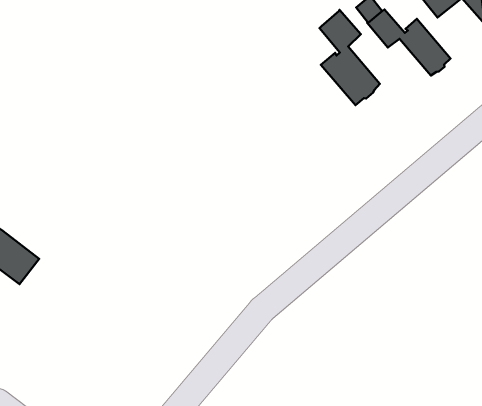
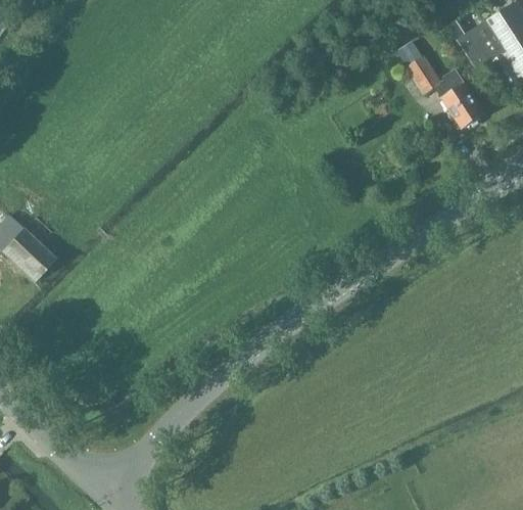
building: [320,10,380,105] -> none

